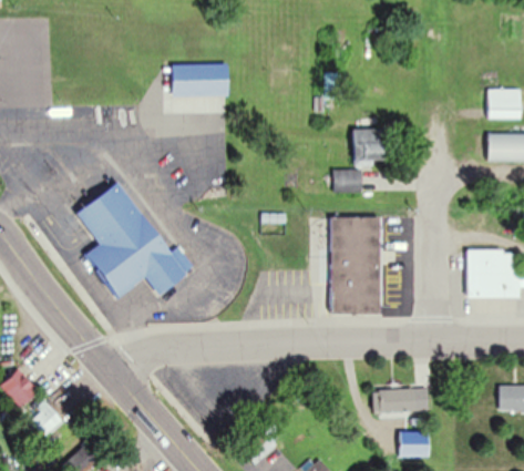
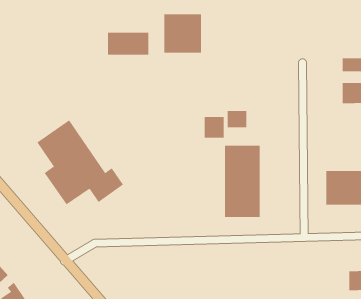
building: none -> [164,13,201,53]
building: [355,129,386,163] -> none
building: none -> [204,116,224,138]
building: [373,390,429,412] -> none

